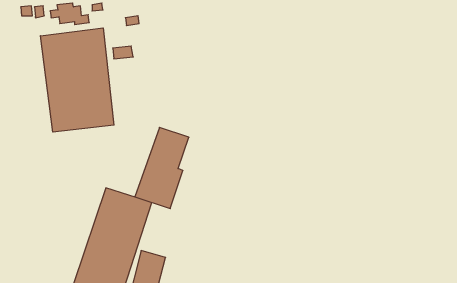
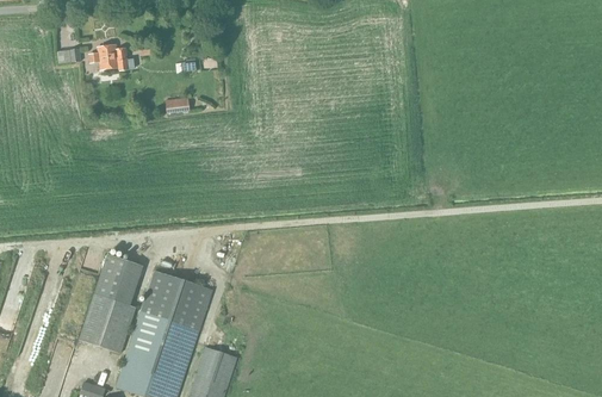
building: [40,28,114,132] -> none
building: [135,127,189,209] -> [79,254,144,353]

